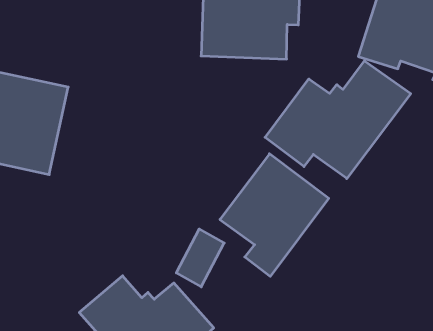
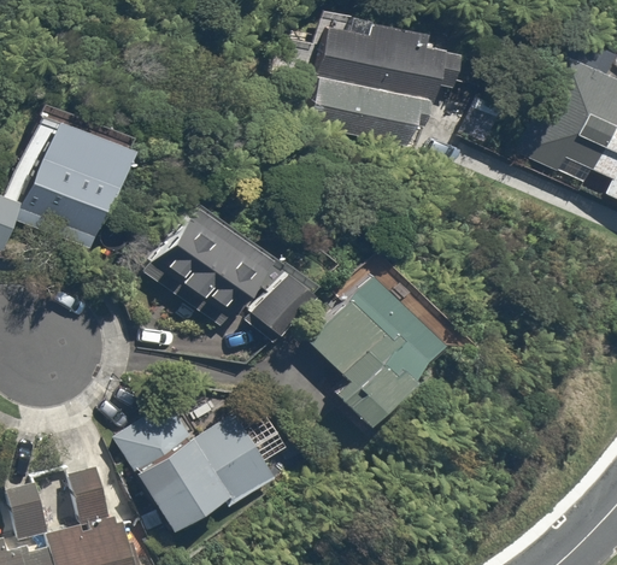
building: [265,61,411,179] -> none
building: none -> [151,201,270,316]
building: [176,229,224,287] -> [247,266,313,341]

